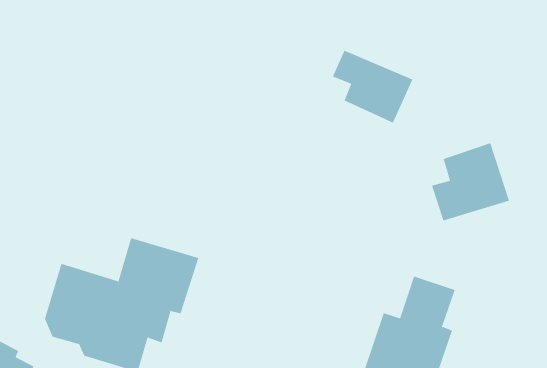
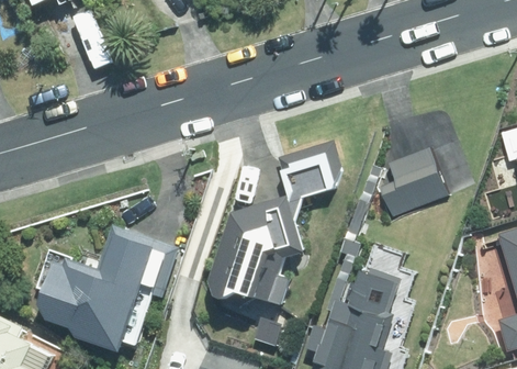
building: [332,50,413,124] -> none
building: none -> [210,143,340,301]

